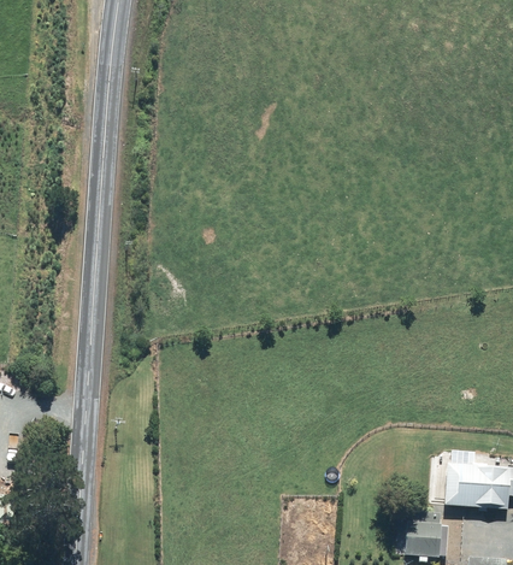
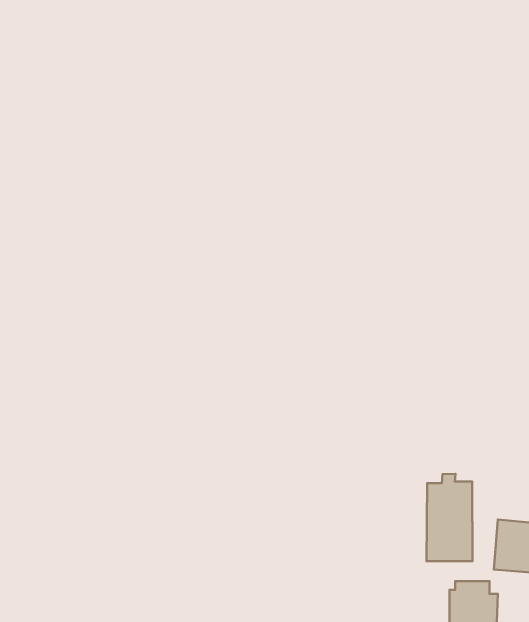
building: none -> [427,474,473,561]

